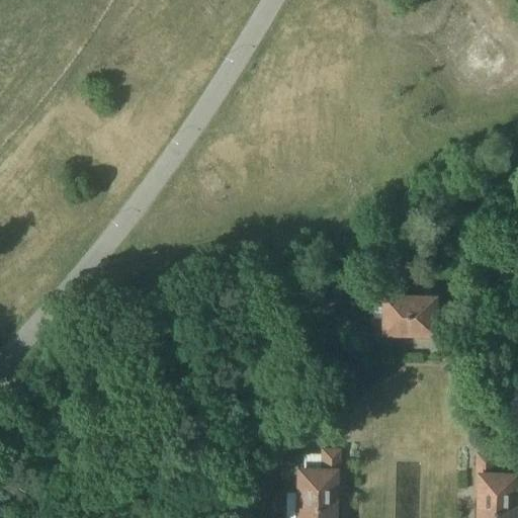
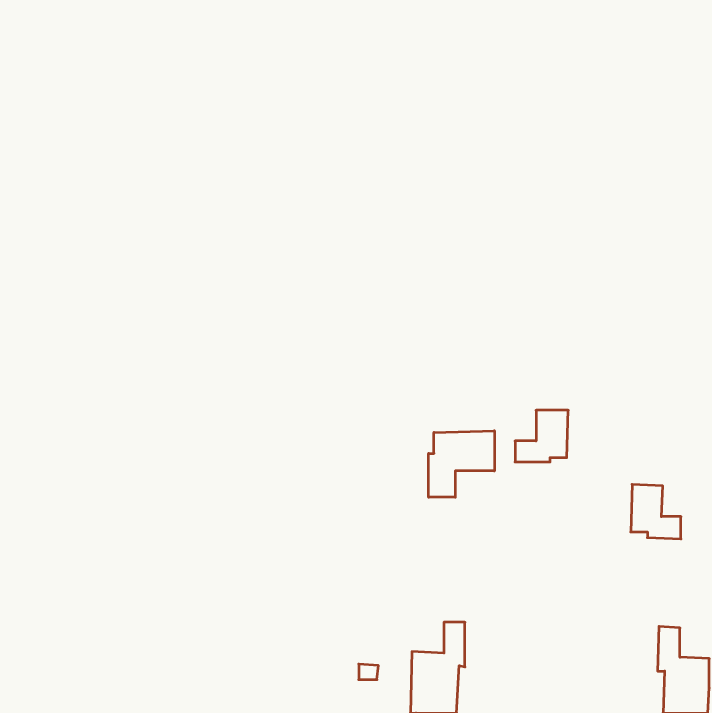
building: [411,297,447,337] -> [631,484,681,539]
building: none -> [429,431,494,497]

